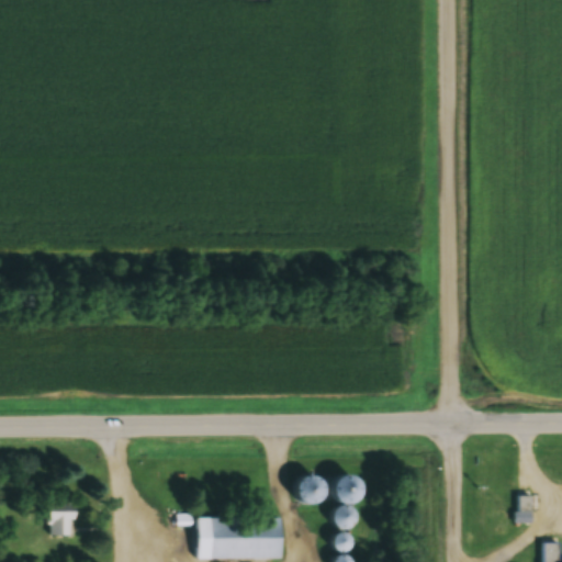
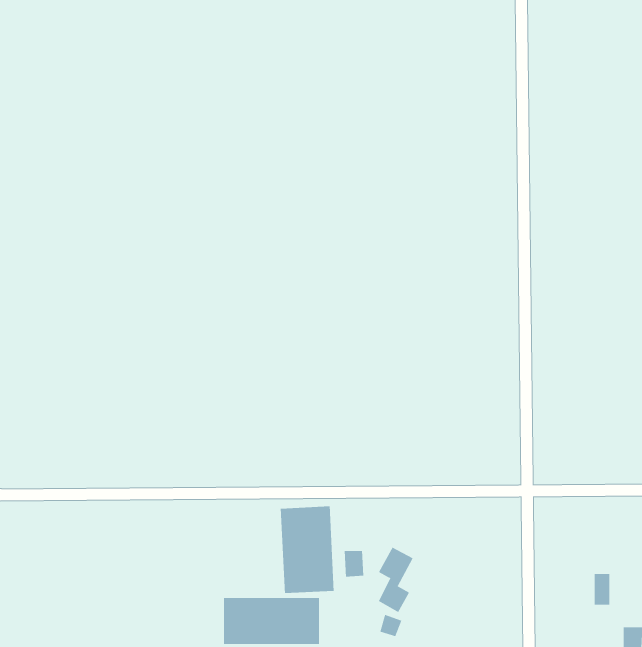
building: none -> [280,506,334,594]
building: [49,506,75,538] -> none

